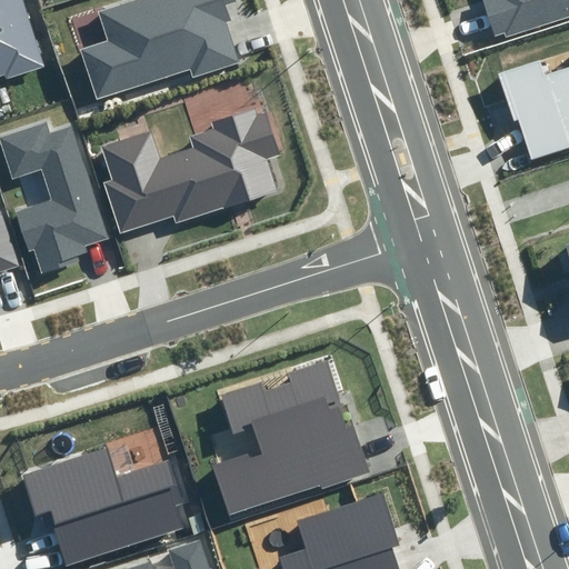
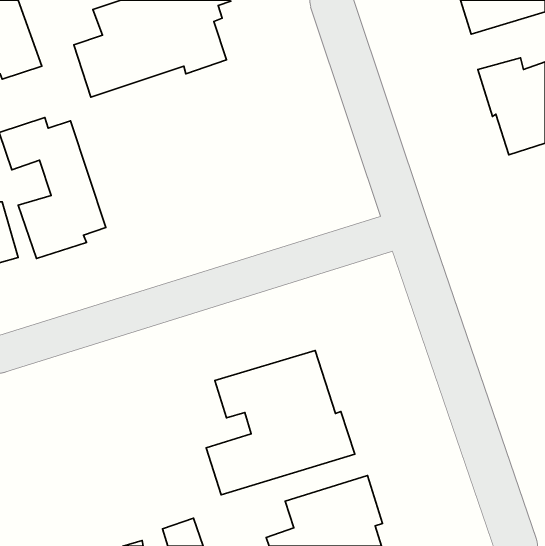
building: [100,107,279,230] -> none
building: [19,447,182,563] -> none

